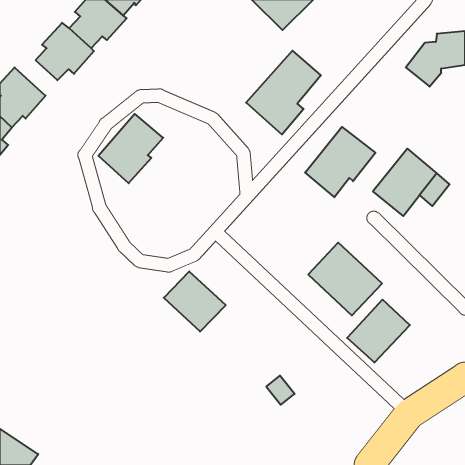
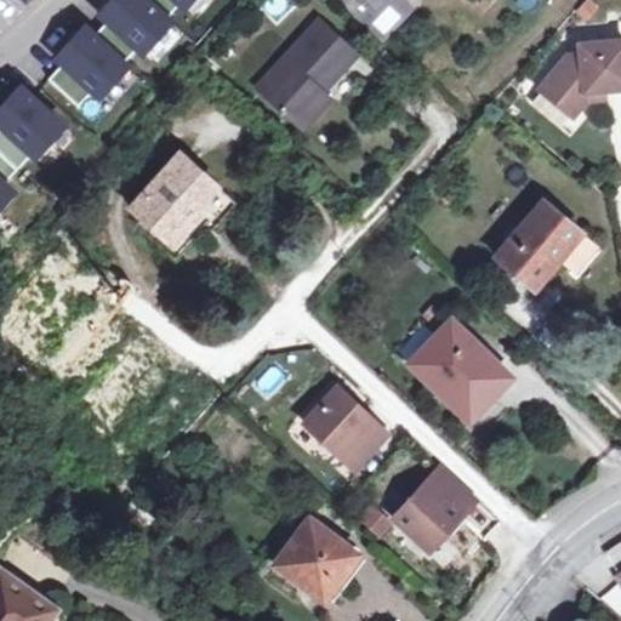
building: [246,51,321,134] -> [255,21,354,132]
building: [305,127,375,197] -> none
building: [164,271,226,332] -> [307,388,389,468]
building: [347,300,410,363] -> [395,466,479,549]
building: none -> [273,517,358,600]

